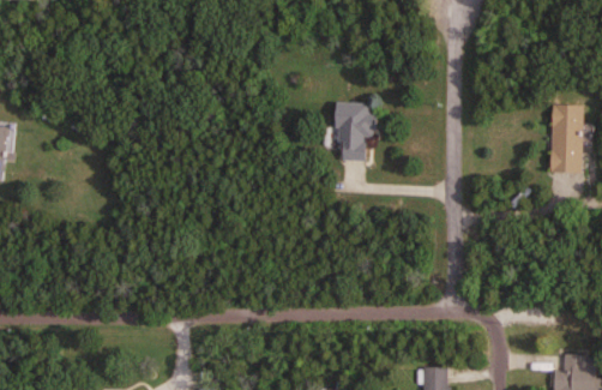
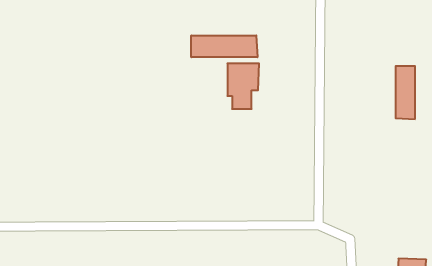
building: none -> [191,35,257,57]

